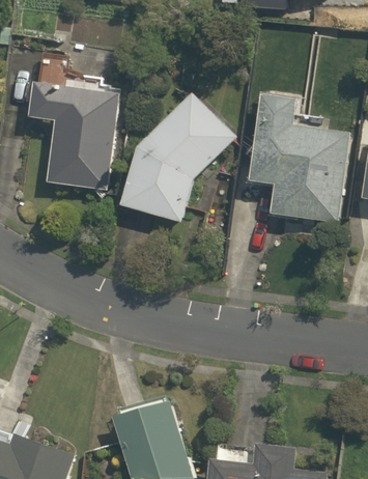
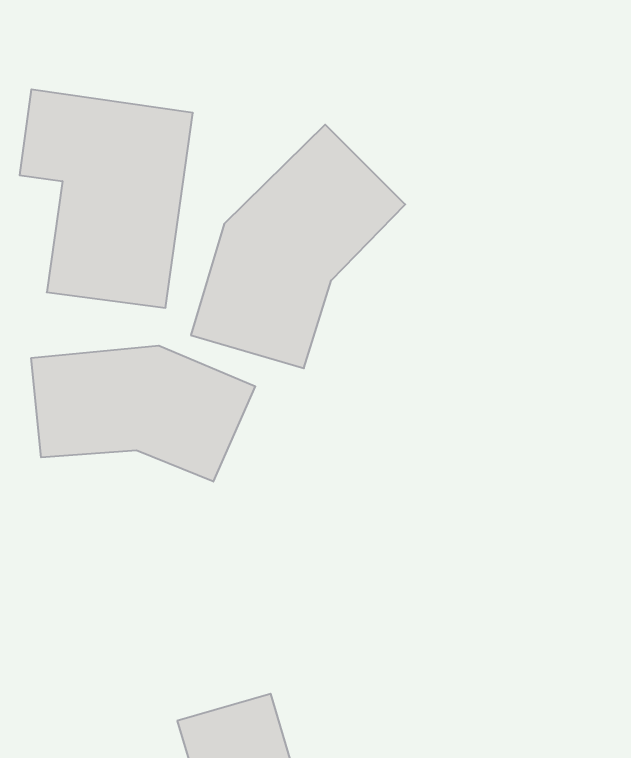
building: [250,93,345,229] -> none
building: none -> [31,346,255,482]

